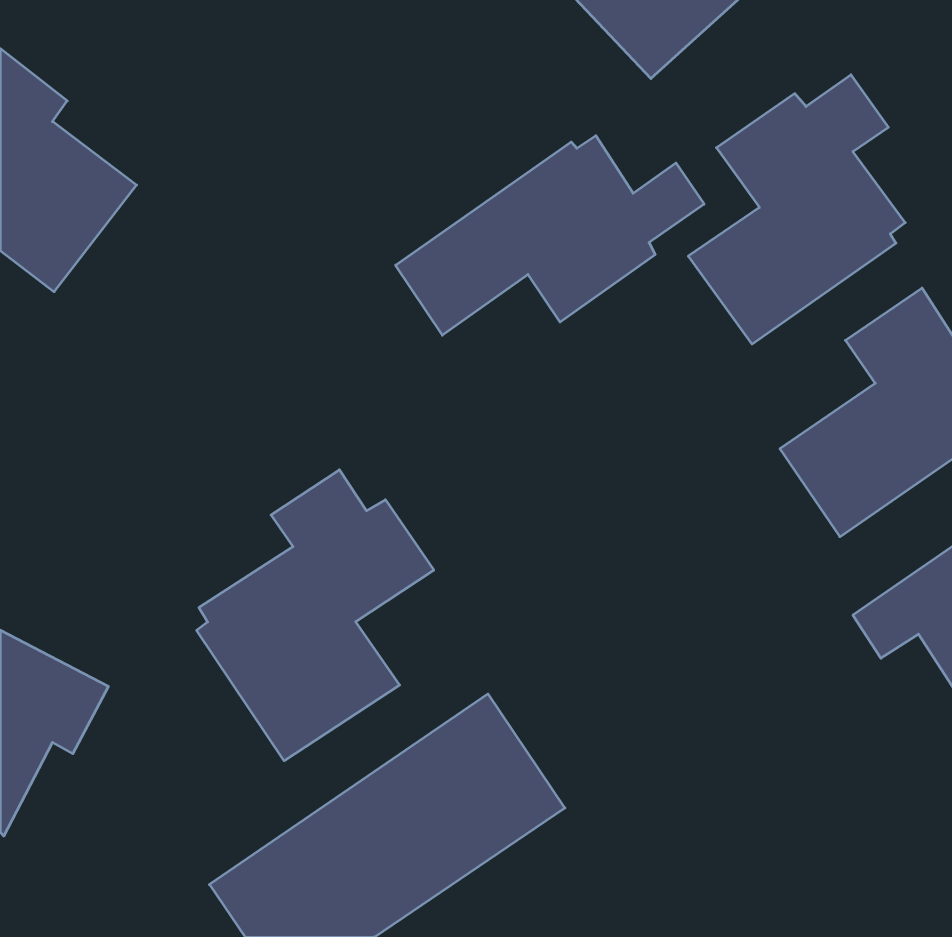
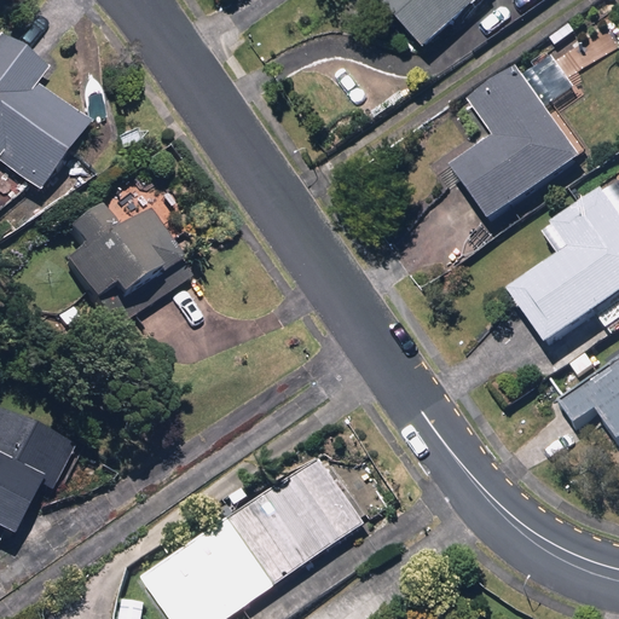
building: [396,136,704,335] -> none
building: none -> [63,203,192,325]
building: [197,470,434,761] -> none

